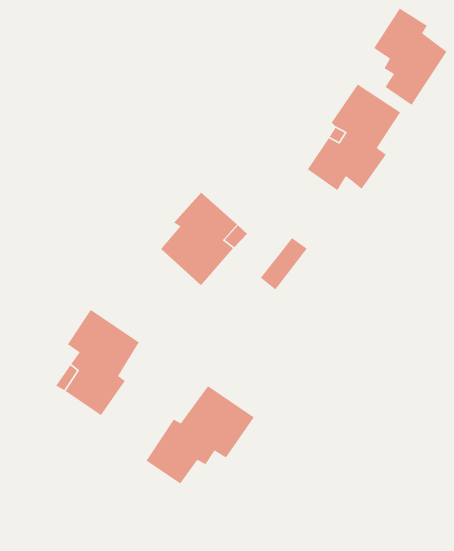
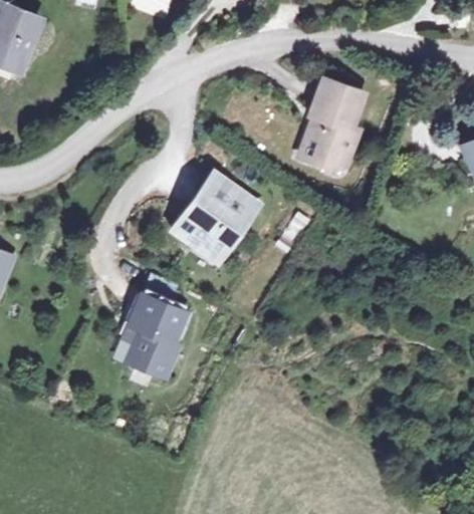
building: [373,8,448,106] -> none
building: [146,385,255,485] -> none

